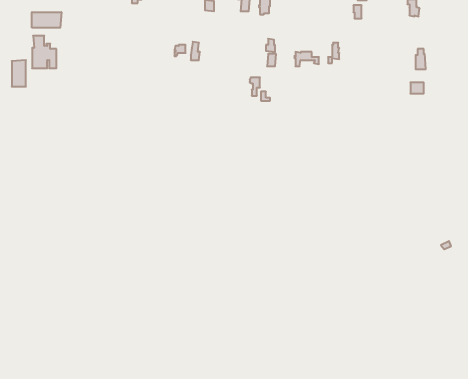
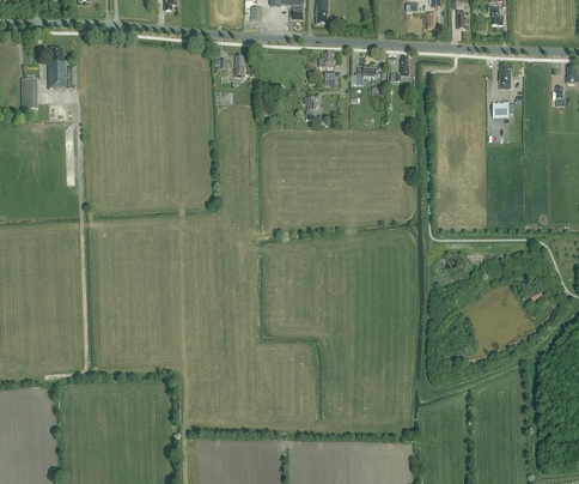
building: [32,12,61,28] -> none

